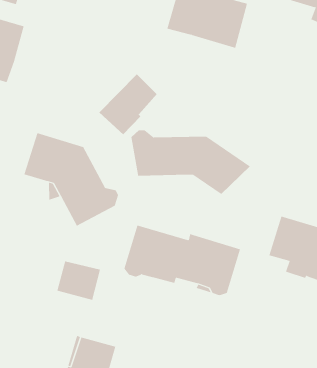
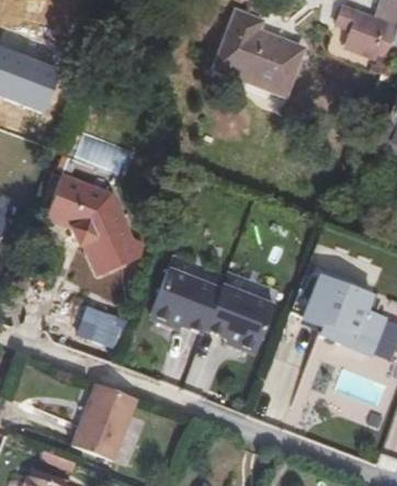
building: [98,73,158,135] -> none
building: [131,129,251,195] -> none

